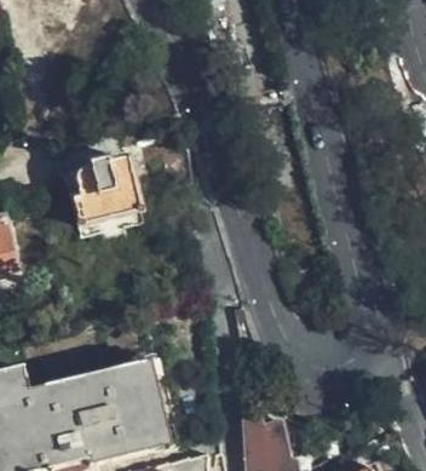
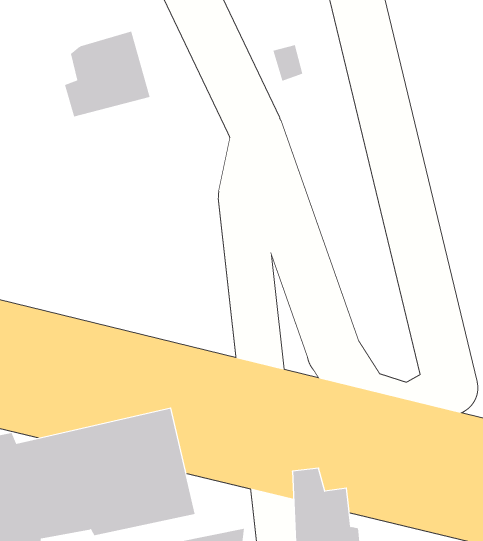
building: [74,157,142,225] -> [64,31,150,117]

